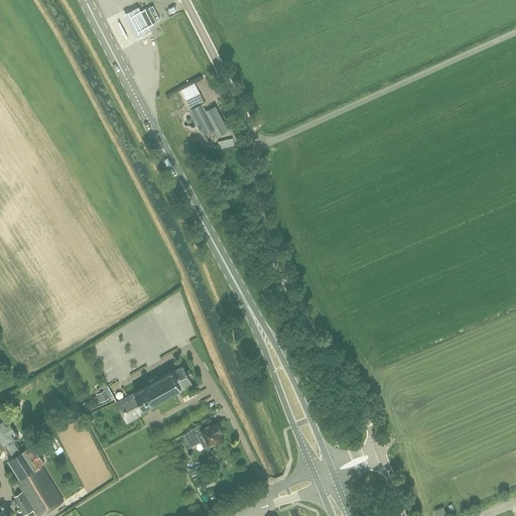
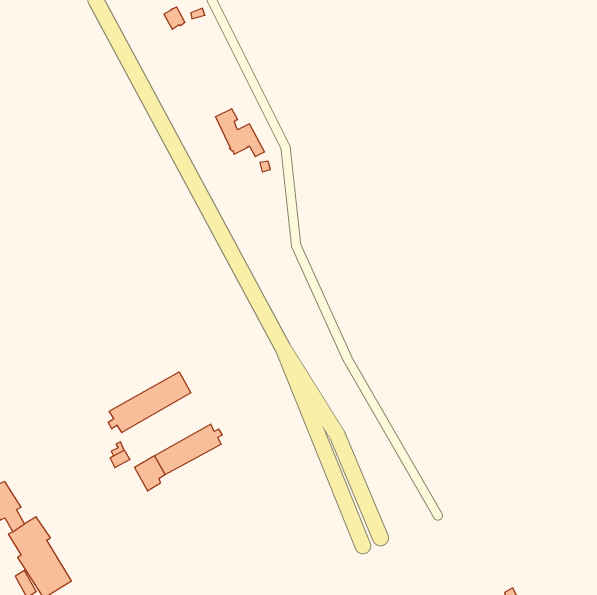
building: none -> [108,372,191,433]
building: [183,425,223,449] -> none

